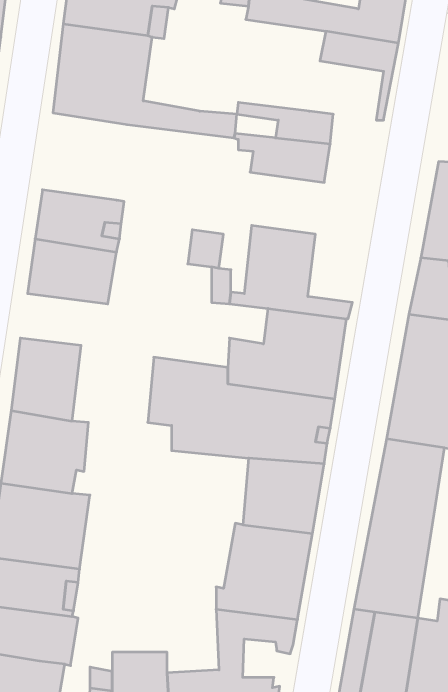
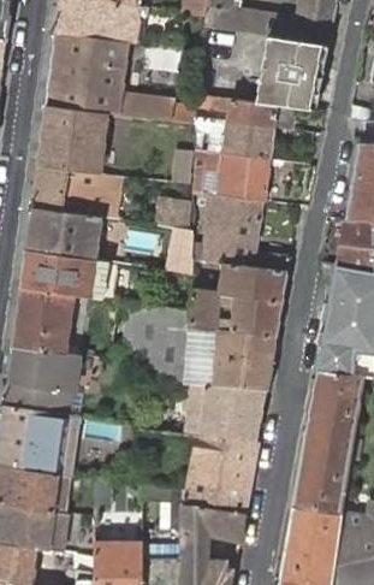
building: none -> [255,63,315,111]
building: none -> [38,105,107,176]
building: none -> [192,152,267,203]
building: none -> [20,252,121,301]

